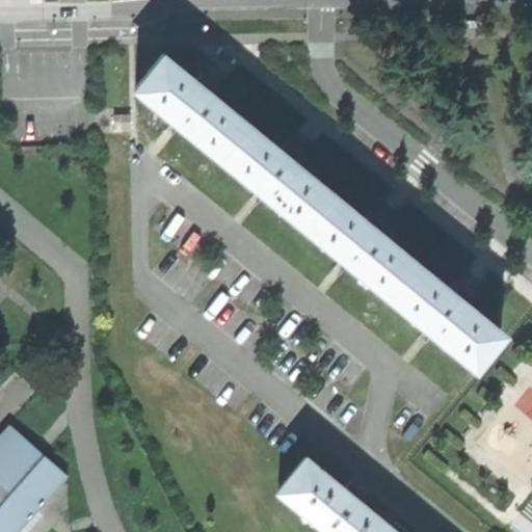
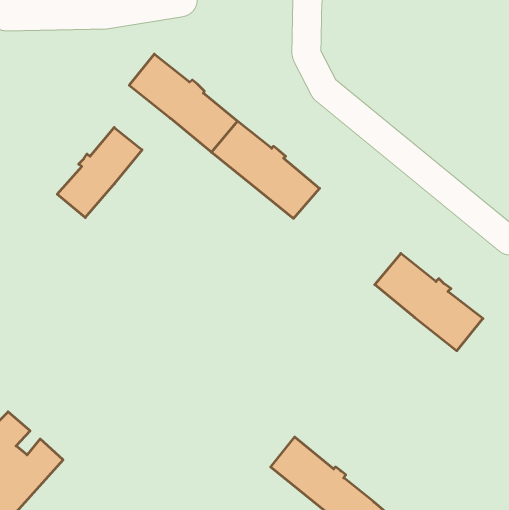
building: none -> [57,127,142,218]
building: [304,197,416,297] -> none

